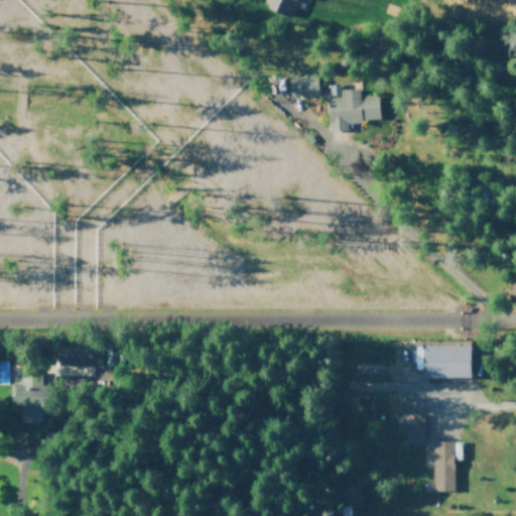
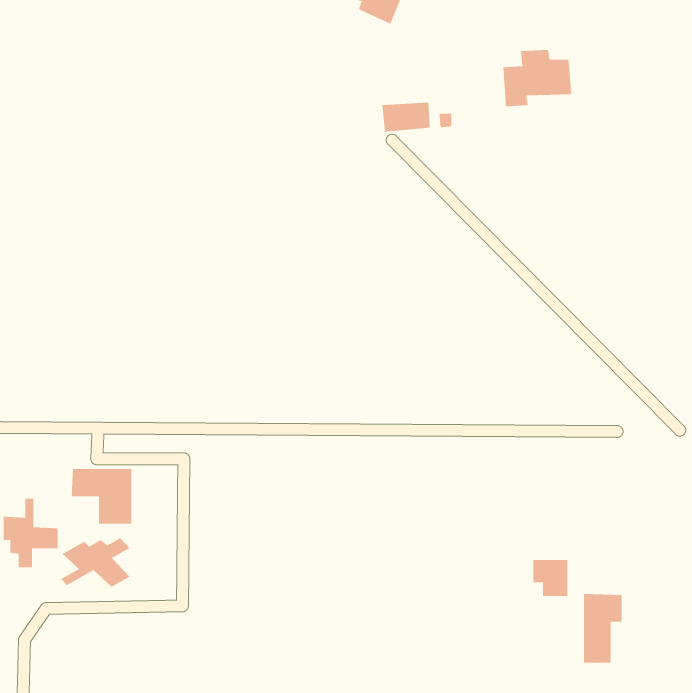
building: [329,88,380,130] -> [503,50,572,107]
building: [416,344,475,376] -> none
building: none -> [60,537,131,588]

